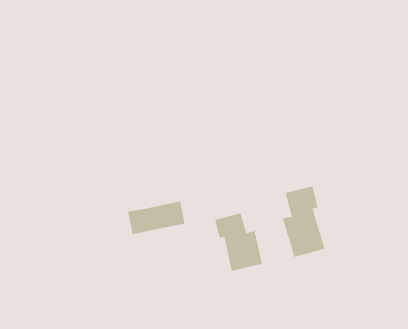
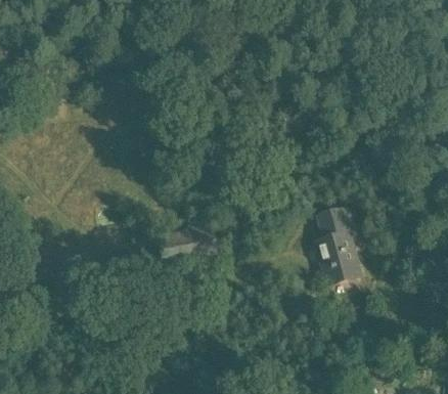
building: [214,212,263,272] -> none

